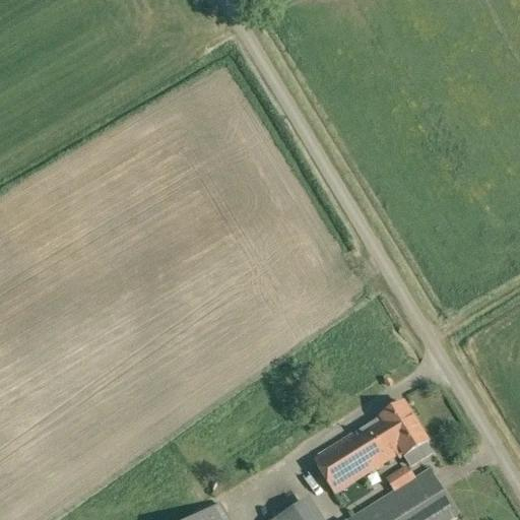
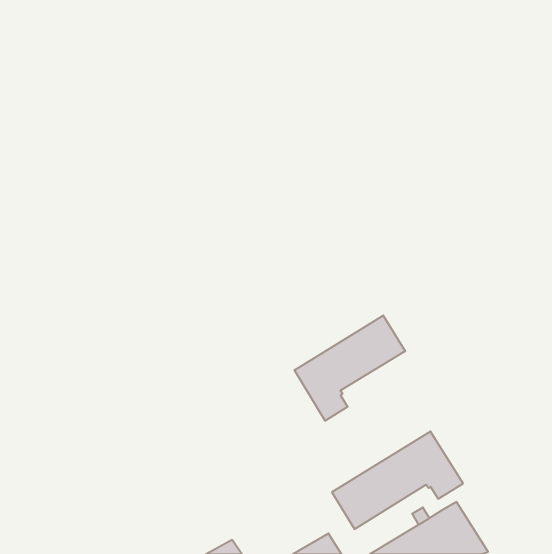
building: none -> [294,315,405,421]

